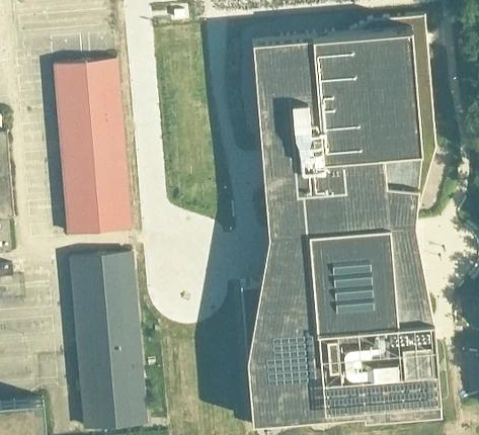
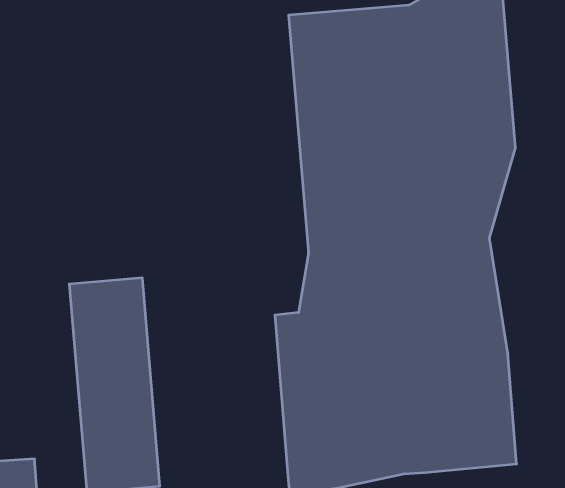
building: [54,64,132,239] -> none

